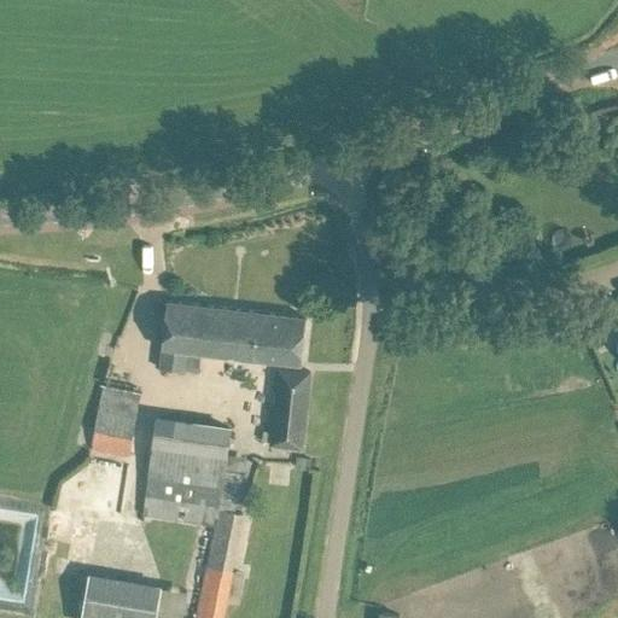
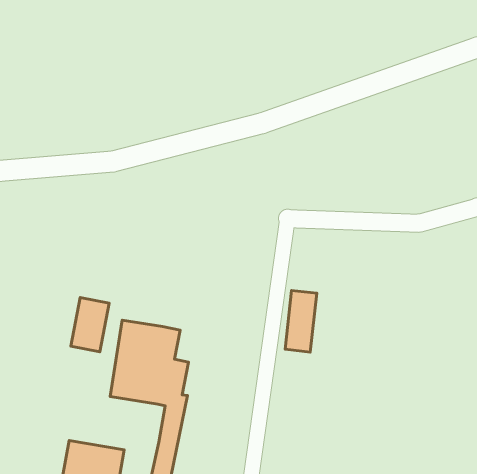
building: [159,303,307,374] -> none
building: [269,371,310,450] -> [285,291,317,352]

